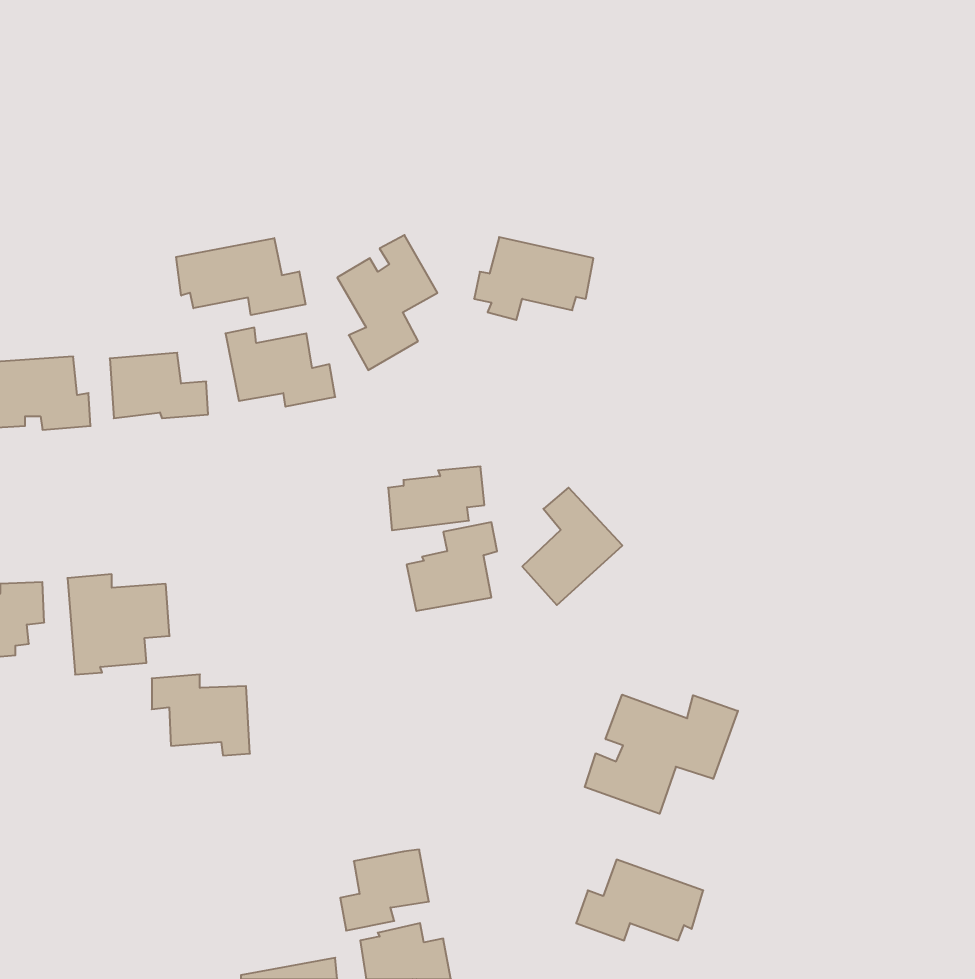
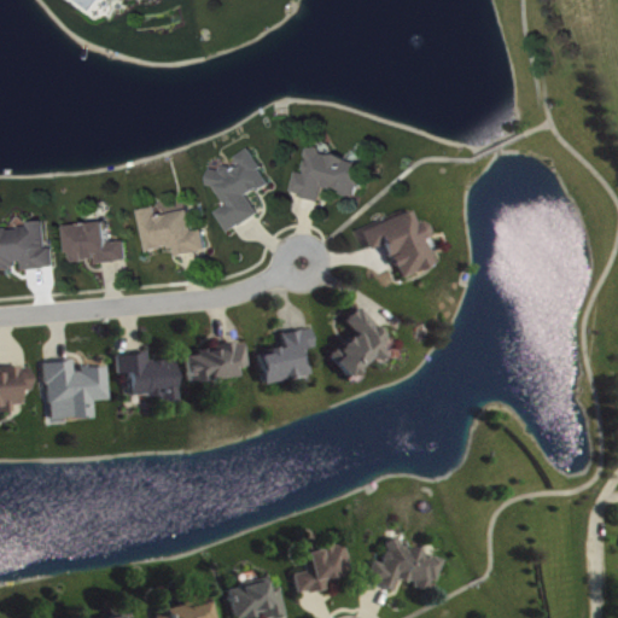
building: [176,238,306,315] -> none
building: none -> [358,210,432,278]
building: [388,467,484,530] -> [183,342,244,381]
building: [152,674,250,755] -> [113,351,175,402]
building: [585,695,738,814] -> none
building: [340,850,429,931] -> [291,543,346,594]

